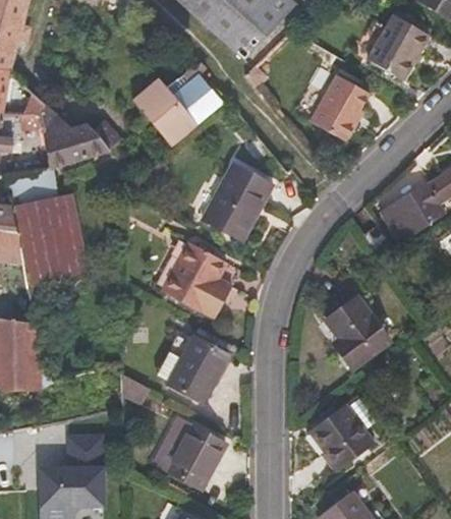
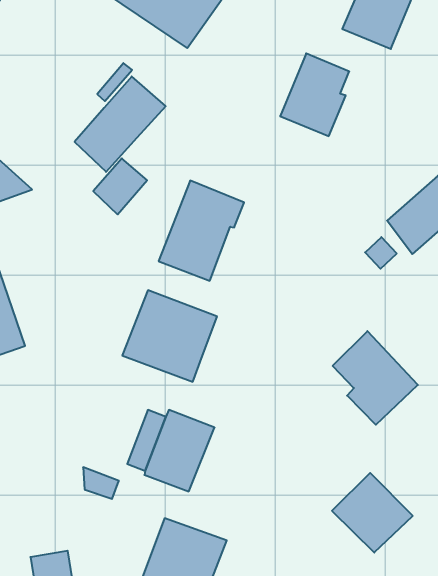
building: [132,77,175,120] -> [93,158,147,214]

